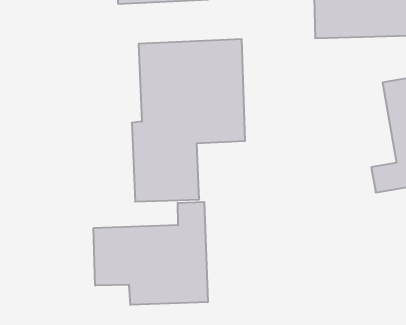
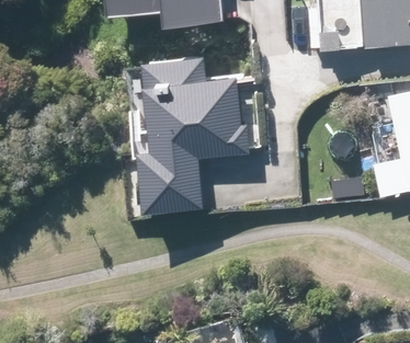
building: [94,202,208,305] -> none

